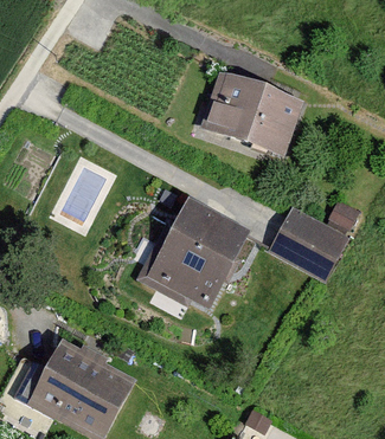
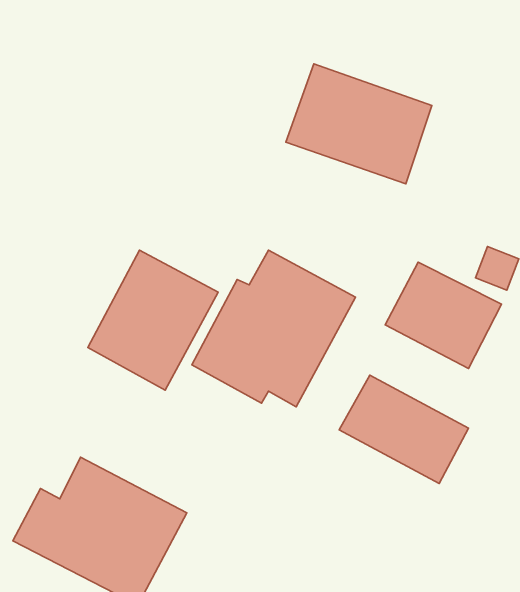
building: none -> [88,250,218,390]
building: none -> [339,375,468,484]

